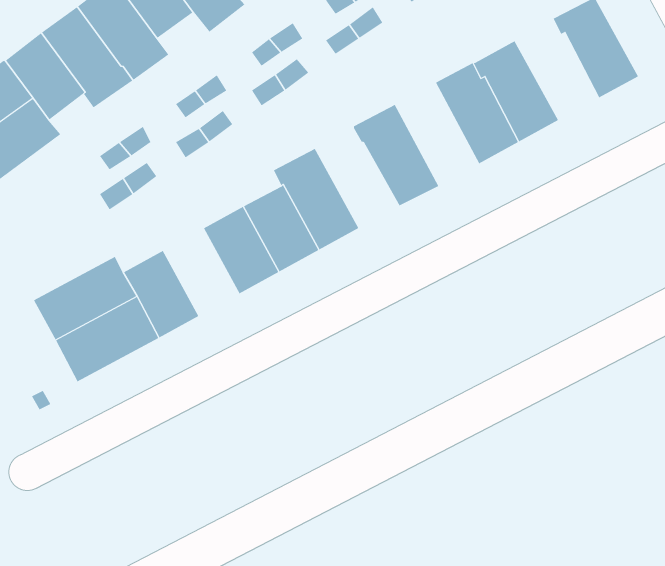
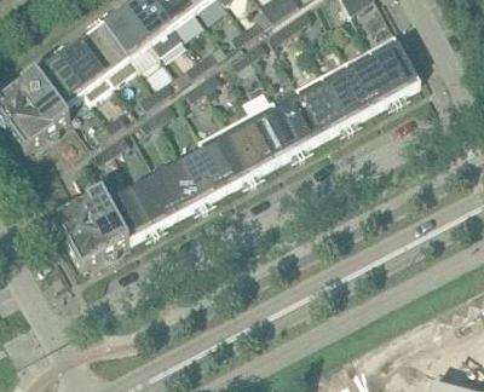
building: none -> [345,48,396,110]
building: none -> [272,87,323,150]
building: none -> [224,115,275,175]
building: none -> [132,175,178,229]

